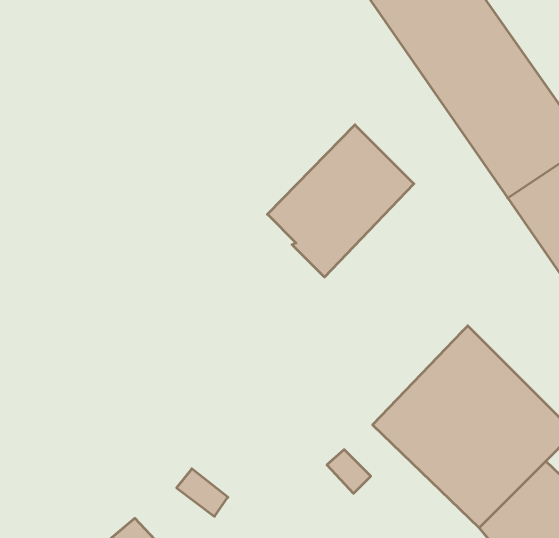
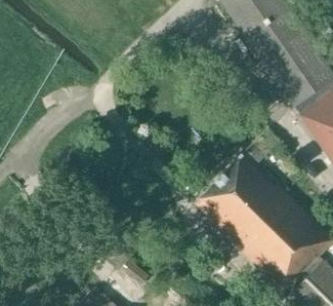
building: [267,125,414,277] -> [196,154,275,236]

